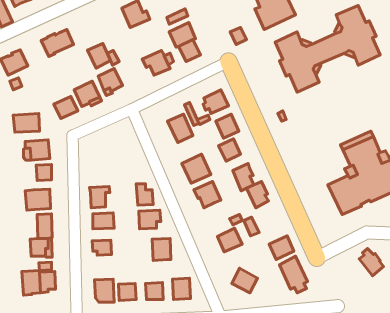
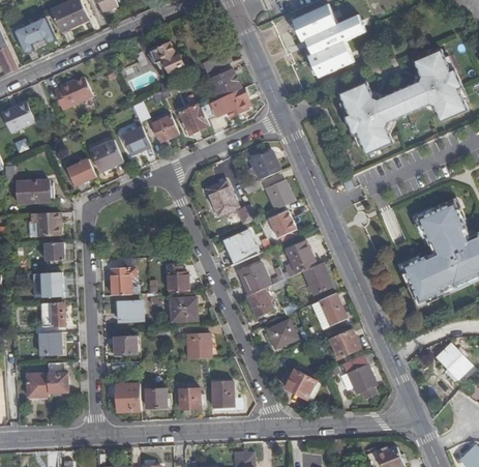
building: [88,43,110,68] -> [150,113,178,143]
building: none -> [246,289,273,318]
building: none -> [310,293,347,329]

